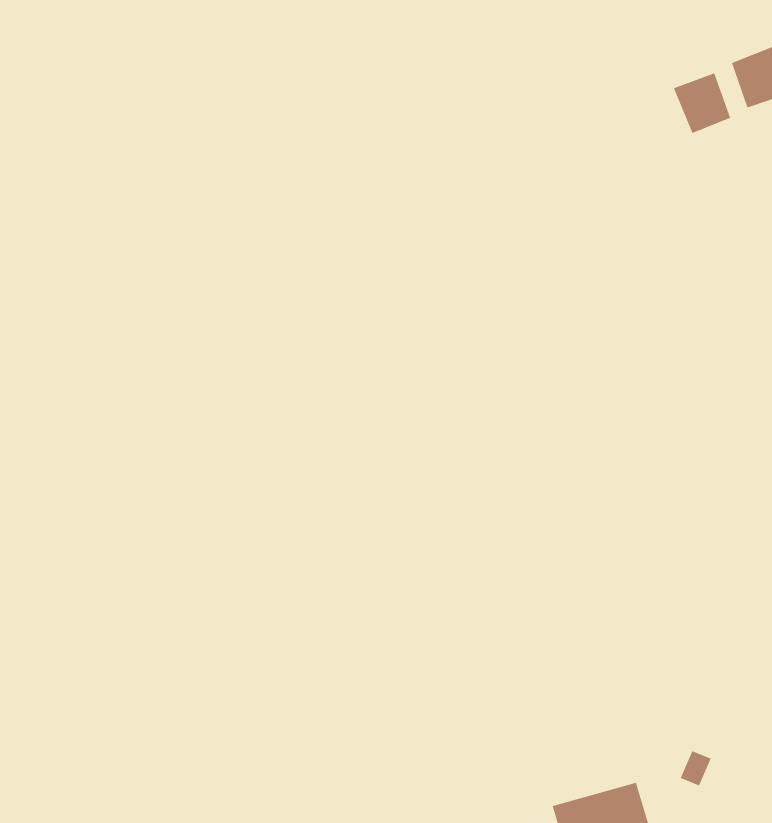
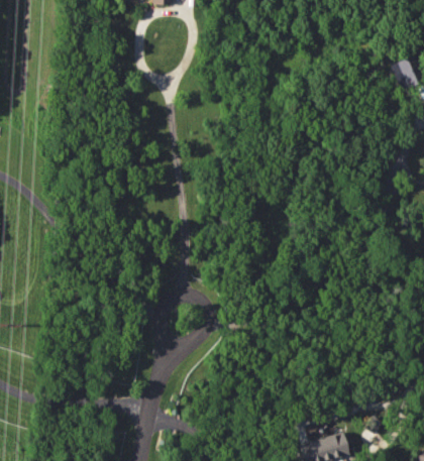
building: [673,73,731,134] -> none

